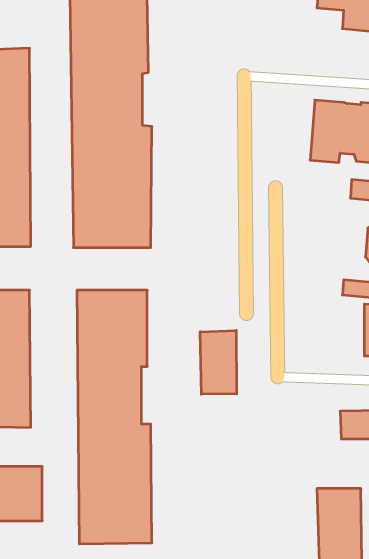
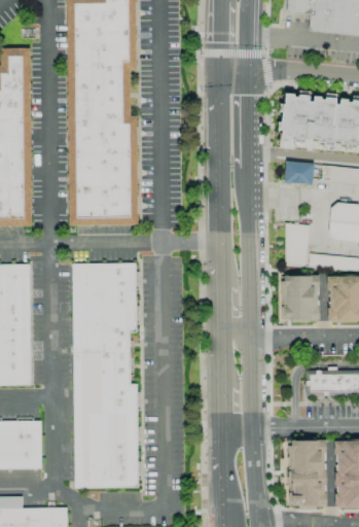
building: none -> [284,162,315,185]
building: none -> [285,223,310,267]
building: none -> [281,275,320,321]
building: [200,330,237,394] -> none

